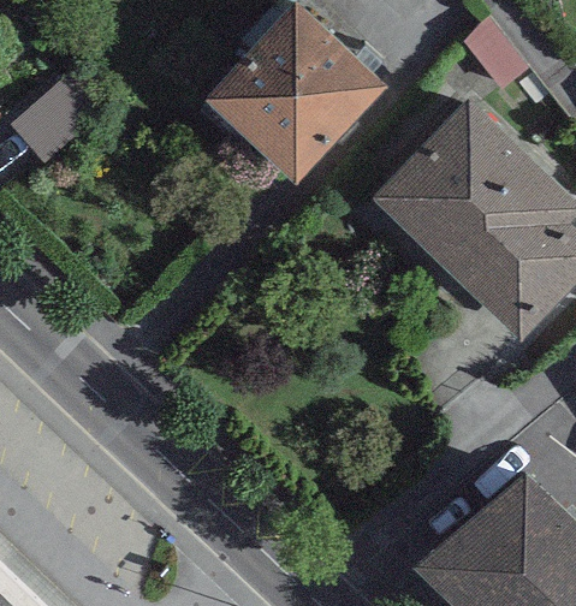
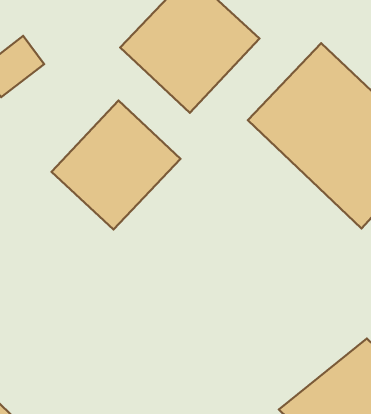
building: none -> [51,100,181,229]

